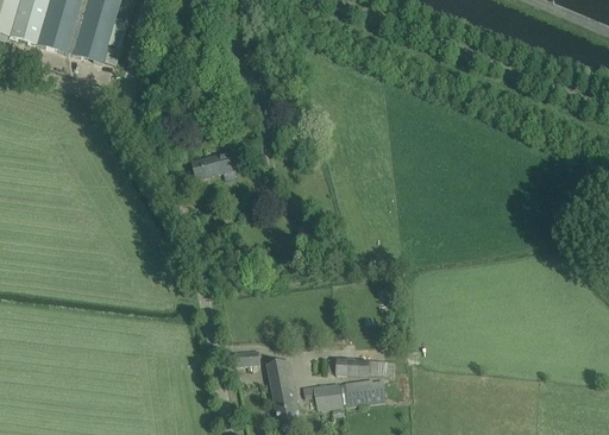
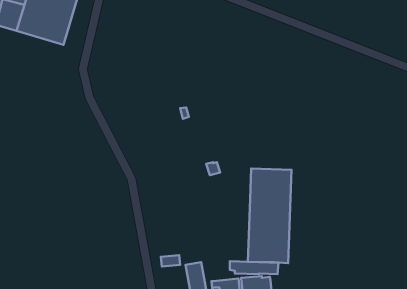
building: [193,152,241,179] -> none
building: none -> [248,168,292,263]

